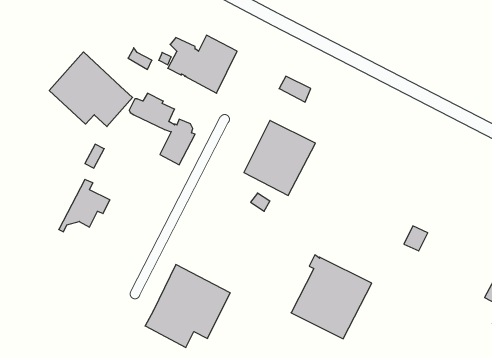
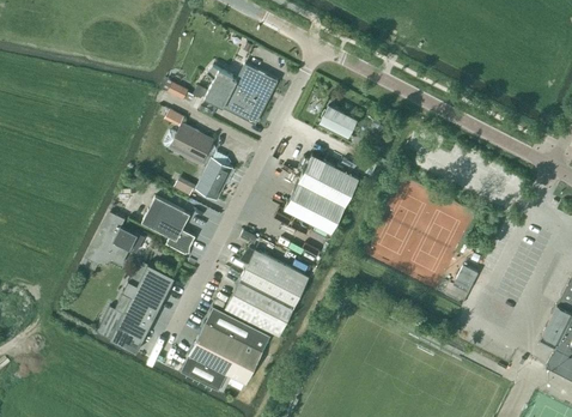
building: [49,52,133,127] -> none
building: none -> [142,197,196,254]
building: none -> [98,265,175,352]
building: [291,255,372,339] -> [225,247,310,336]

